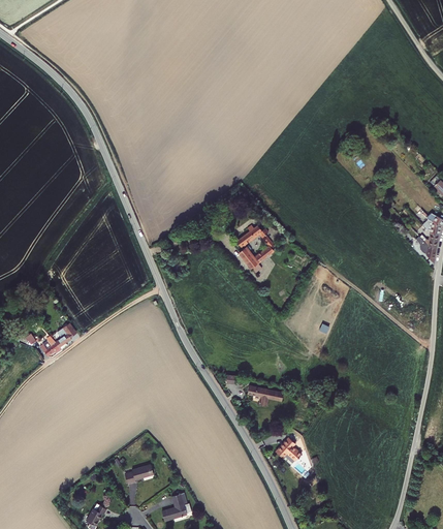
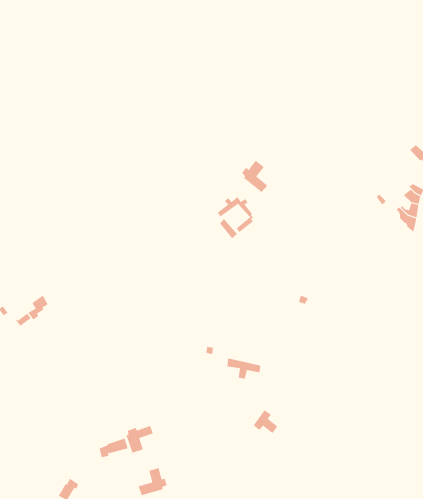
building: none -> [241,160,268,193]
building: none -> [126,425,154,453]

